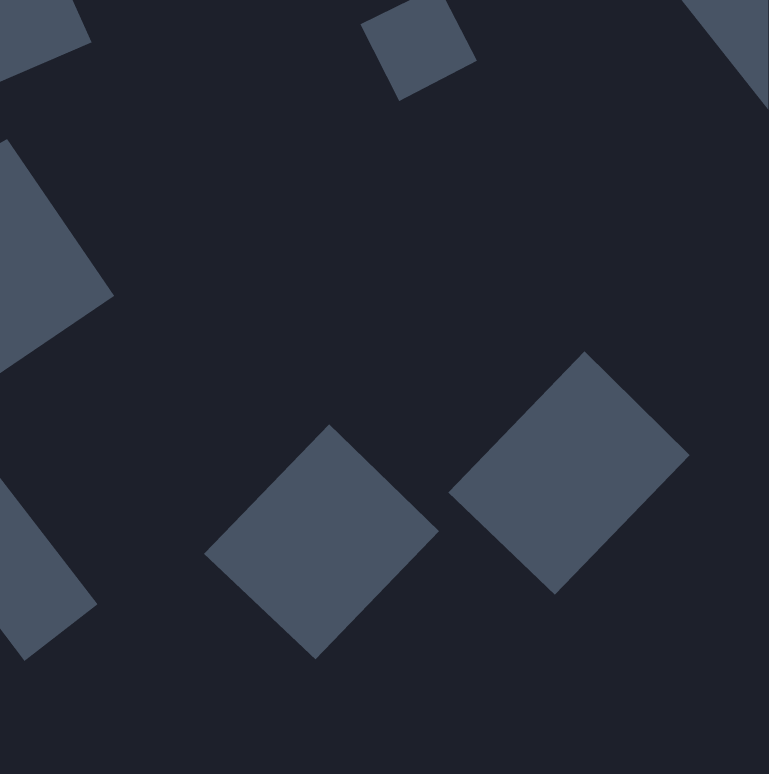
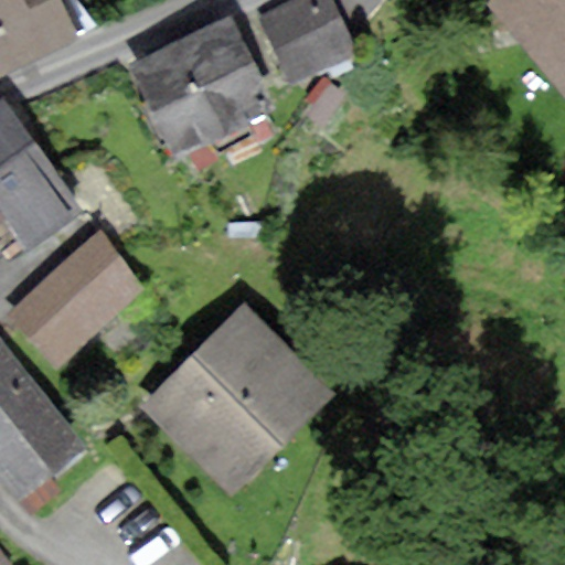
building: none -> [137,22,264,146]
building: none -> [12,232,139,354]
building: [448,350,690,595] -> none

